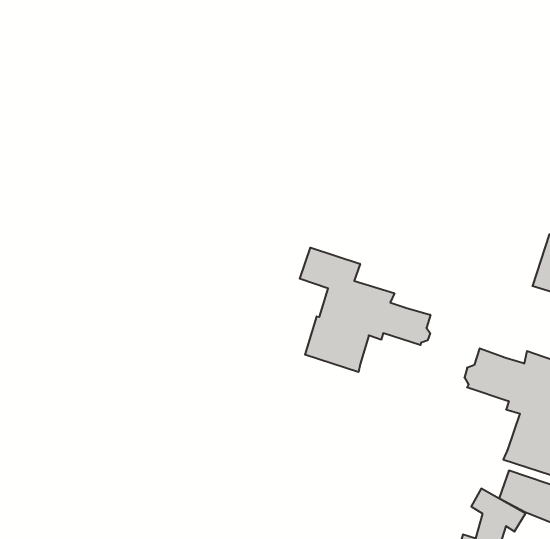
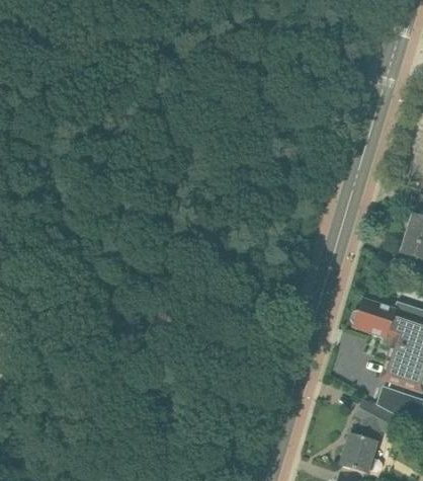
building: [300,248,430,372] -> none

